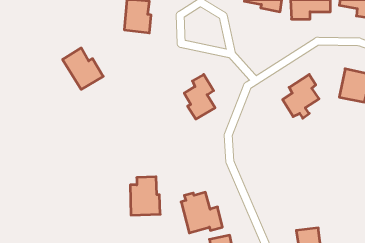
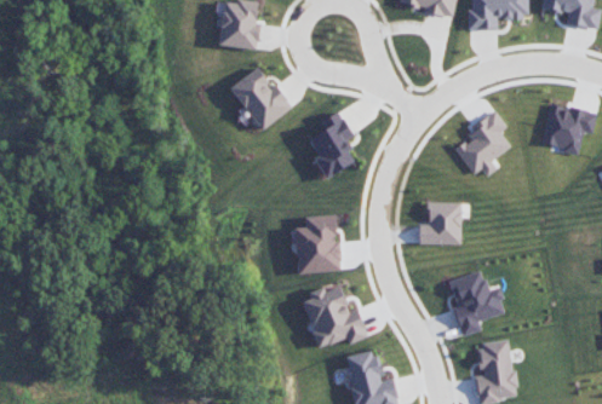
building: [63,48,103,89] -> [231,68,292,129]
building: none -> [418,202,460,246]
building: [130,177,160,215] -> [296,215,340,272]
building: none -> [448,271,505,336]

